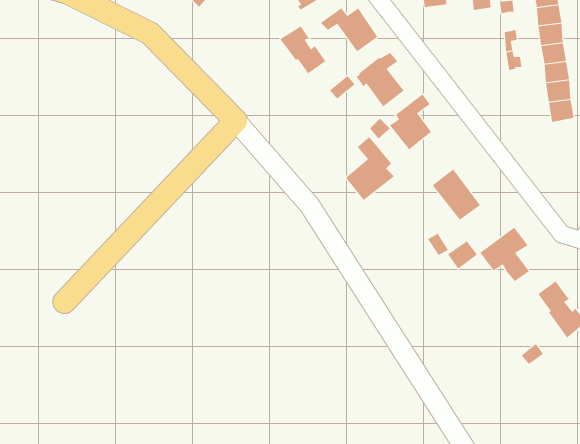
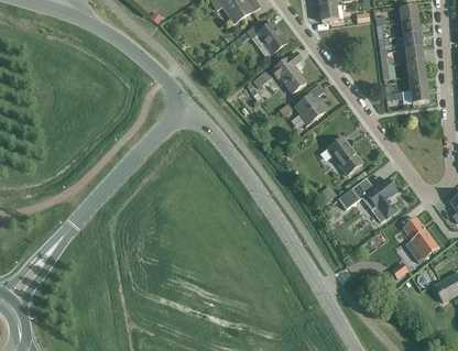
building: [280,25,326,74] -> none
building: [345,136,395,201] -> none

